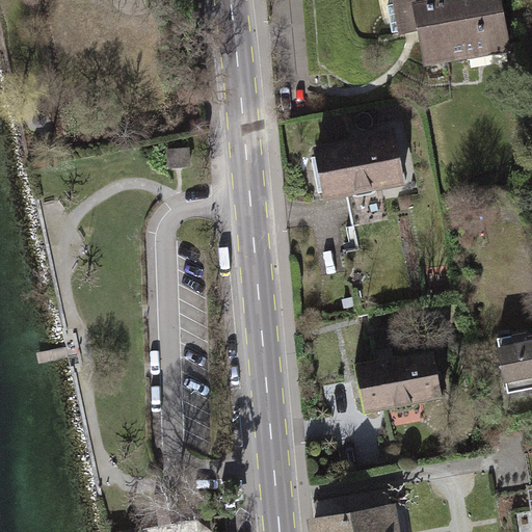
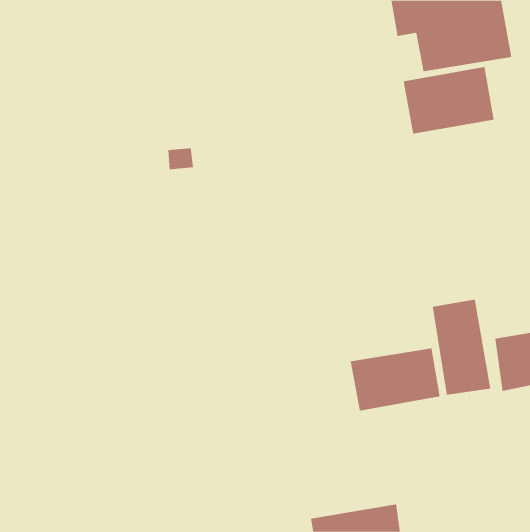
building: [312,128,403,195] -> [403,67,495,134]
building: none -> [432,299,491,396]

